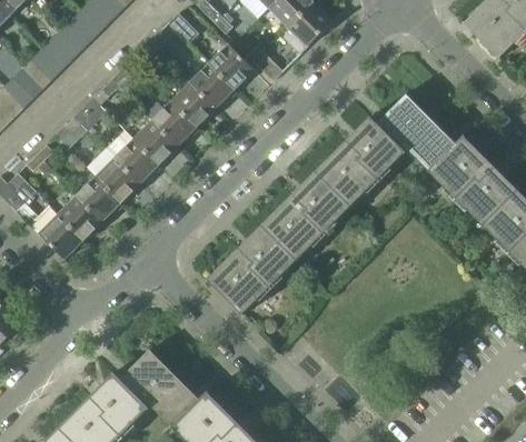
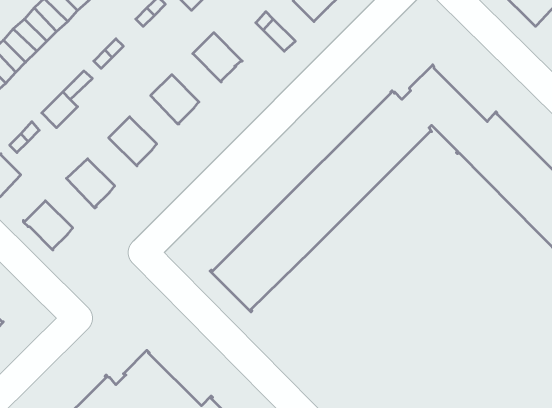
building: [209,44,255,90] -> none
building: [171,83,215,128] -> none
building: [133,121,177,165] -> none
building: [86,149,139,203] -> none
building: [58,195,102,241] -> none

